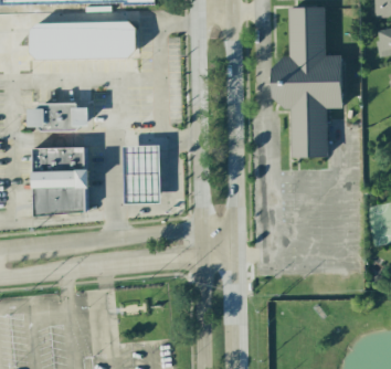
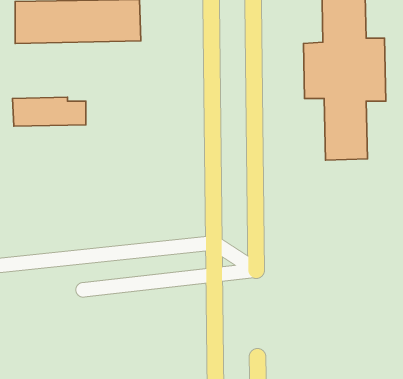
building: [124,145,161,203] -> none
building: [32,147,88,213] -> none

